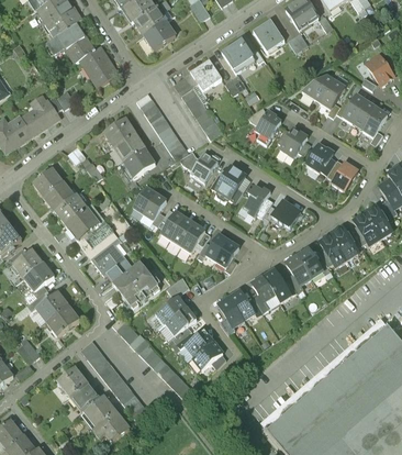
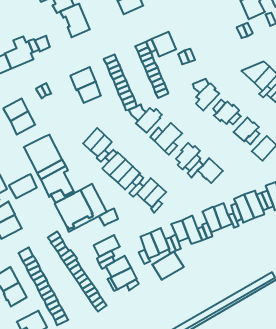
building: [254,20,284,52] -> none
building: [223,41,255,74] -> none
building: [118,148,155,181] -> none
building: [54,193,87,224] -> [9,174,37,198]
building: [155,296,188,325] -> none
building: none -> [152,251,184,280]
building: [86,396,115,424] -> none

